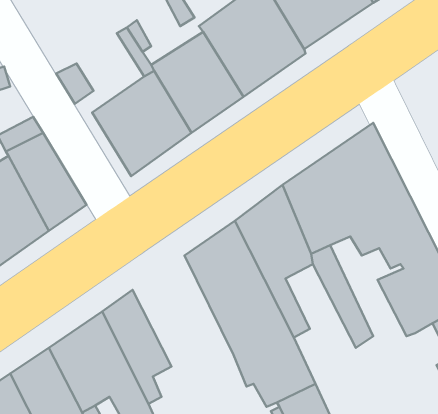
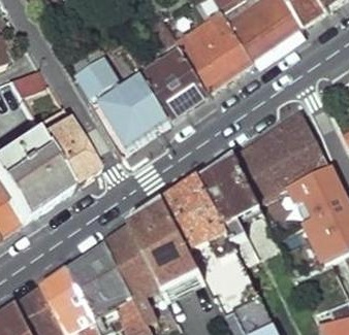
building: none -> [129,204,201,295]

